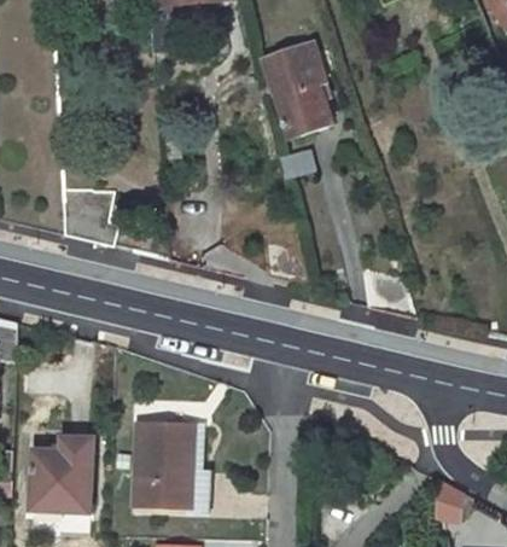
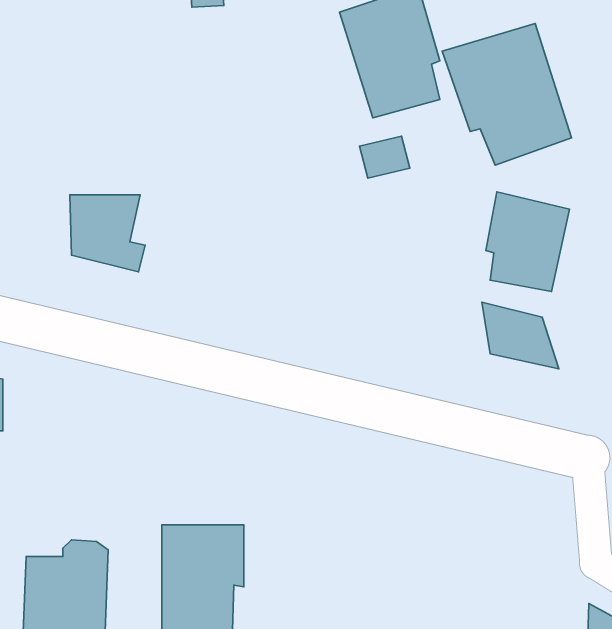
building: none -> [442,23,571,165]
building: none -> [486,192,570,291]

